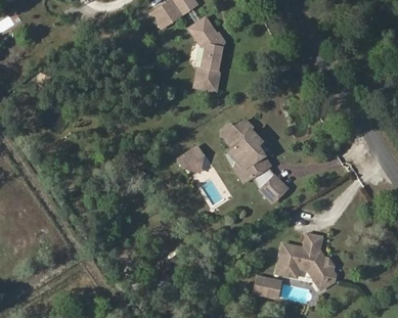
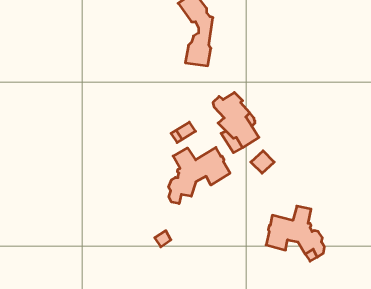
building: none -> [169,147,230,204]
building: [253,275,280,298] -> none

